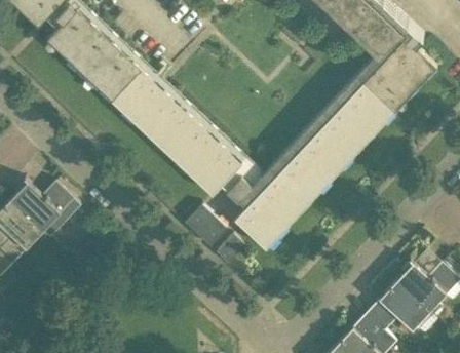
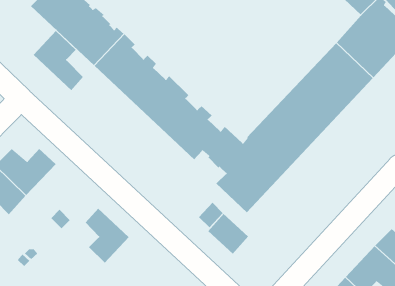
building: none -> [33,30,84,91]
building: [185,205,227,247] -> [207,213,249,255]
building: none -> [85,208,129,263]

